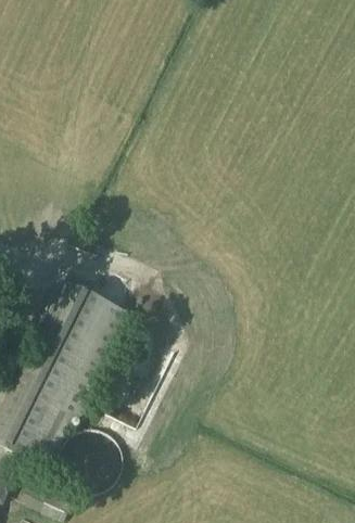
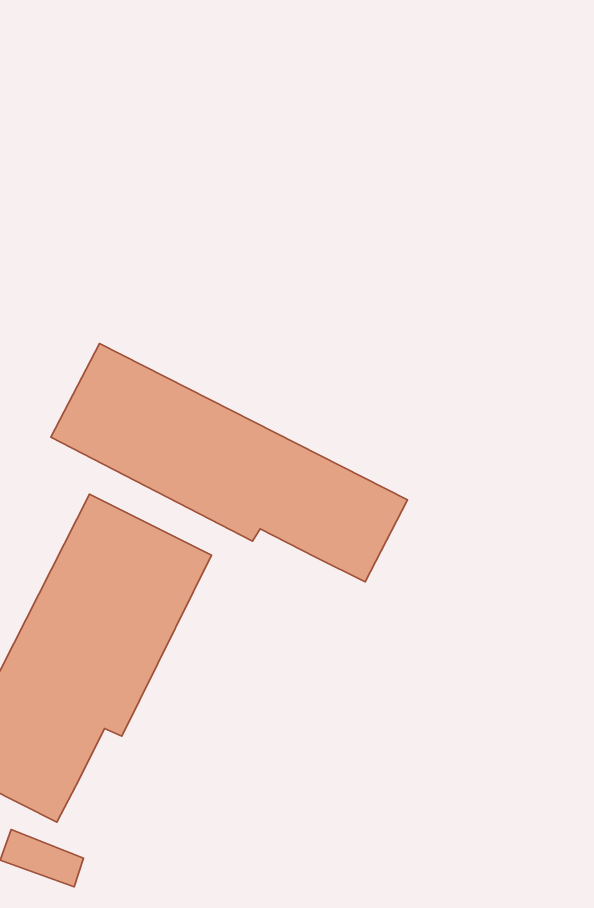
building: none -> [51,344,408,582]

